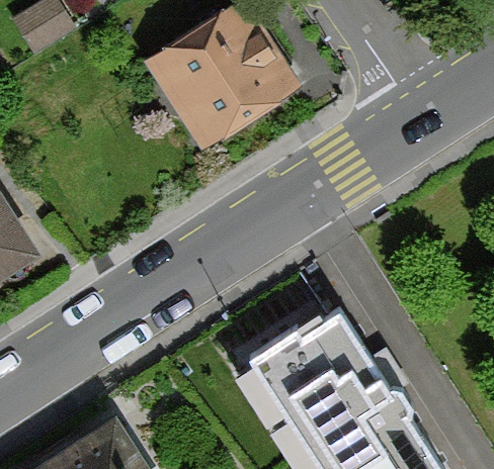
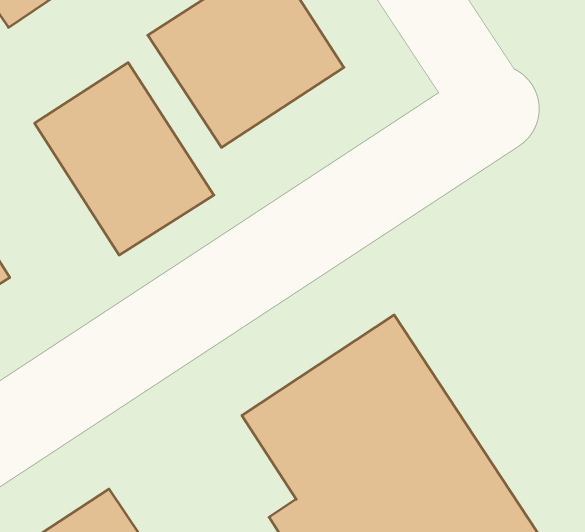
building: none -> [35,63,214,255]

